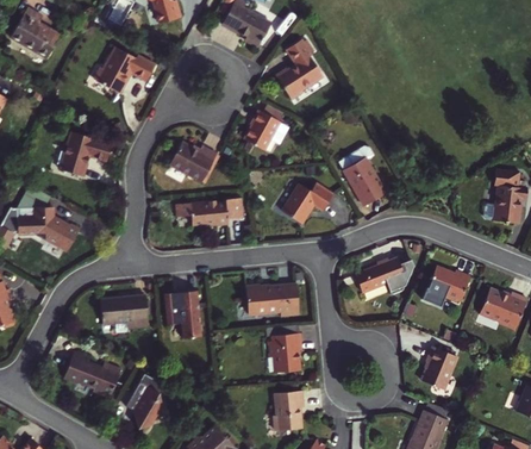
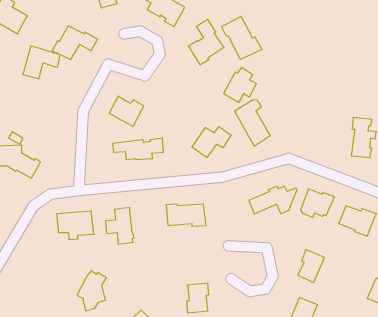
building: none -> [221,16,262,59]
building: [243,104,287,150] -> [224,68,257,102]
building: [61,131,111,175] -> [23,46,60,79]
building: [266,332,302,372] -> none
building: [64,350,121,397] -> none

